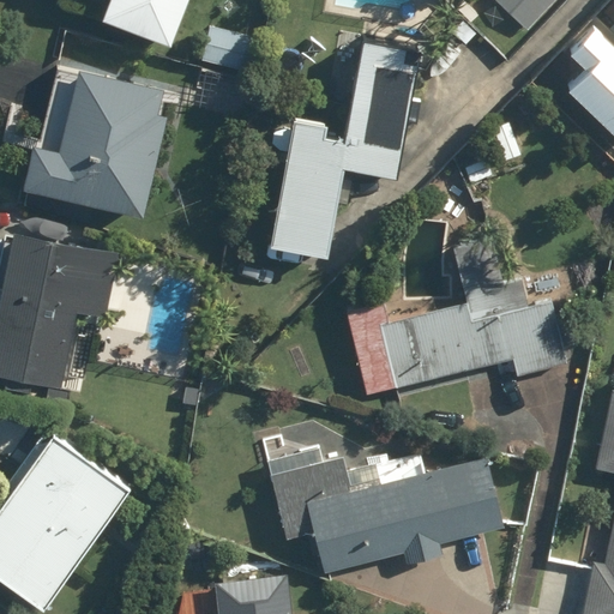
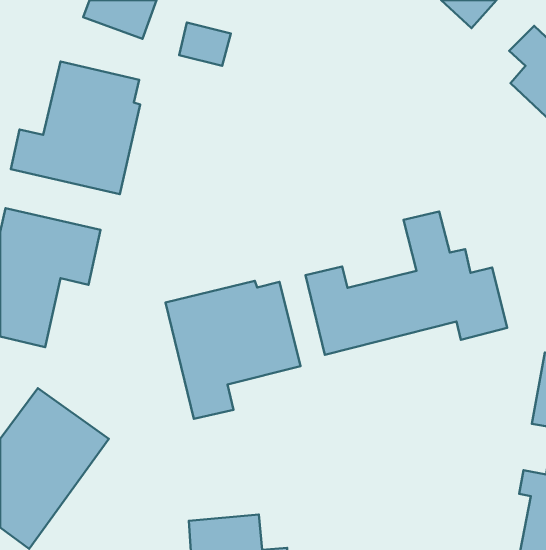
building: [265,37,417,258] -> none
building: none -> [166,281,300,419]
building: [267,435,507,573] -> none

